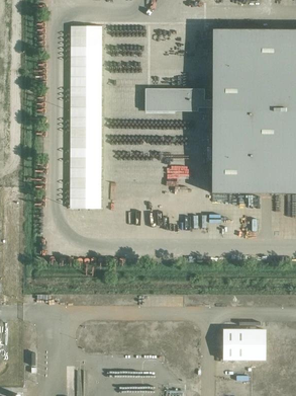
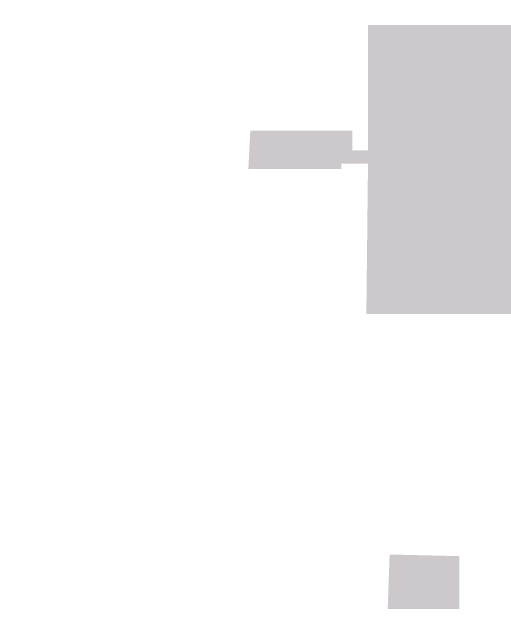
building: [70,24,103,207] -> none

